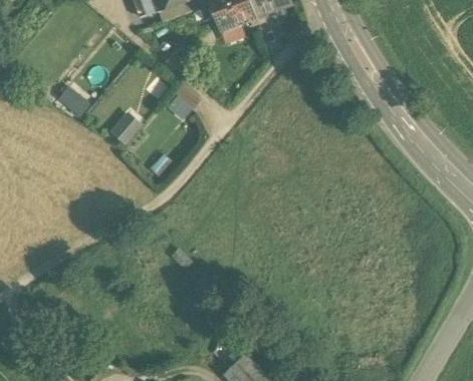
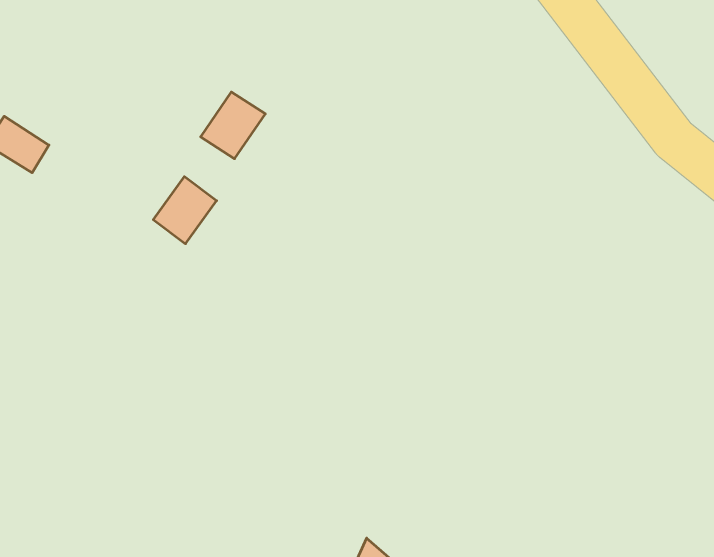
building: [109,112,143,146] -> [153,177,217,244]

